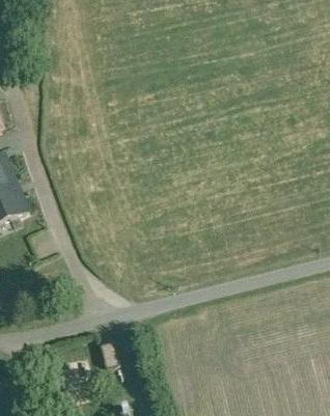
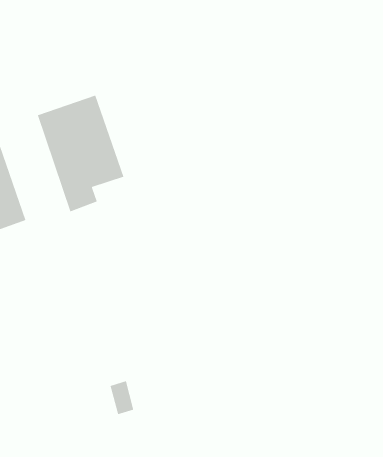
building: none -> [37,94,124,213]

